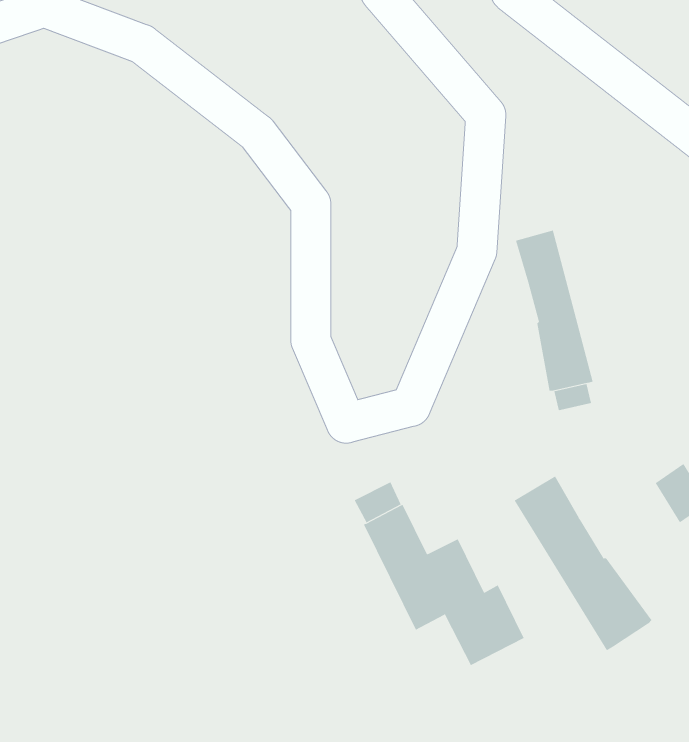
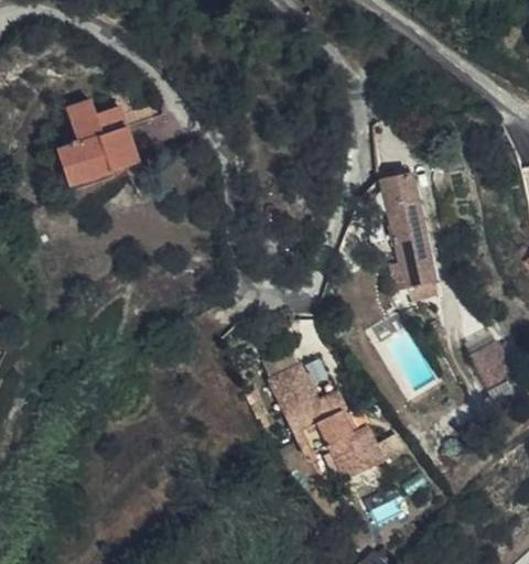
building: none -> [57,99,140,187]
building: [514,475,652,651] -> none

